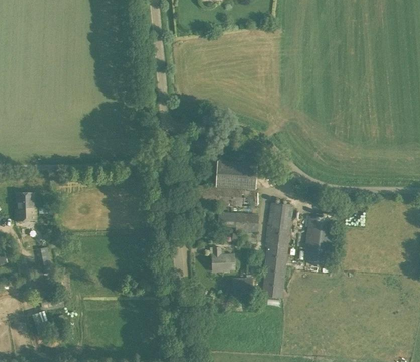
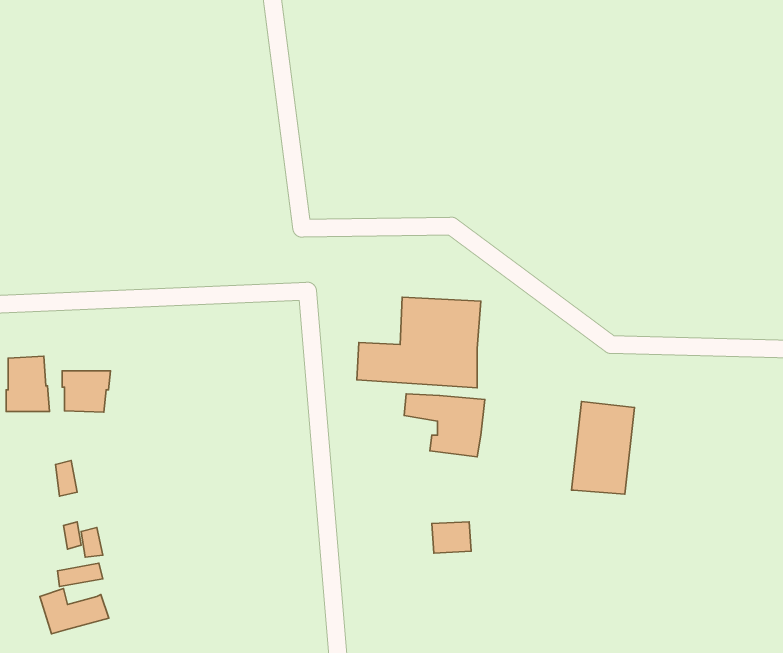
building: none -> [62,371,111,412]
building: [261,201,293,297] -> none
building: [211,245,234,269] -> none

